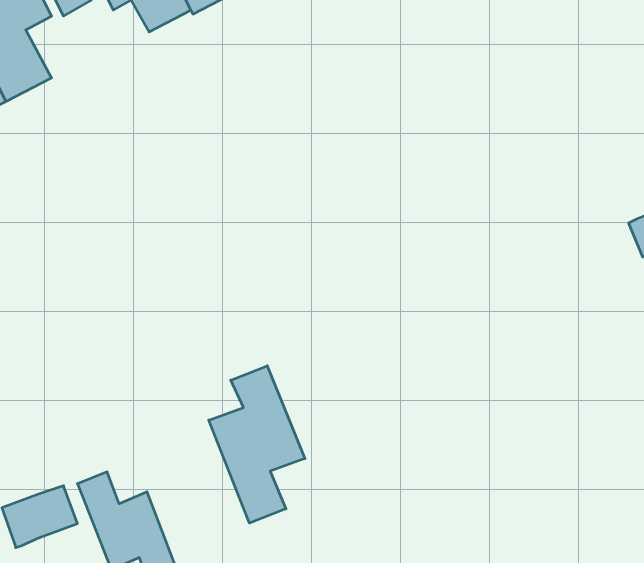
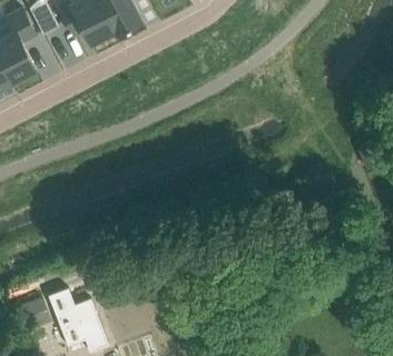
building: [209,366,305,523] -> none

